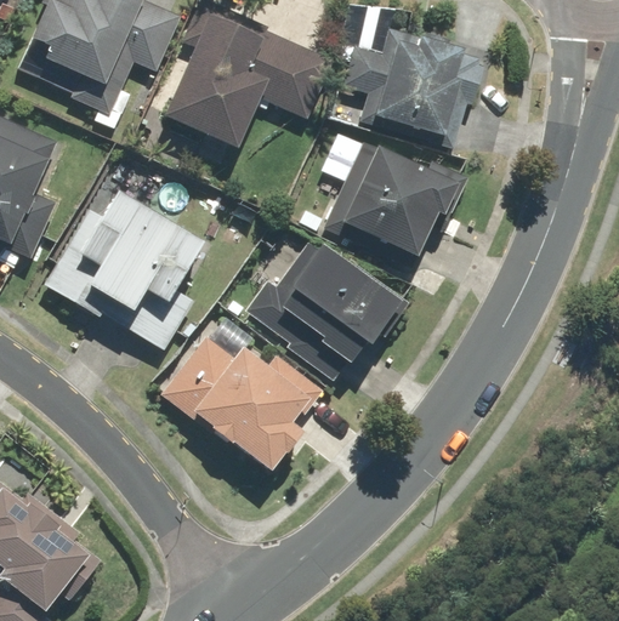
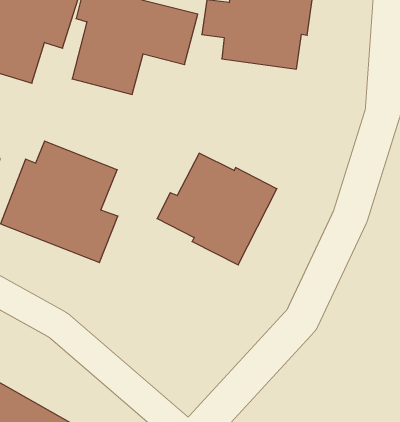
building: [323,138,466,269] -> none
building: [158,334,325,472] -> none

